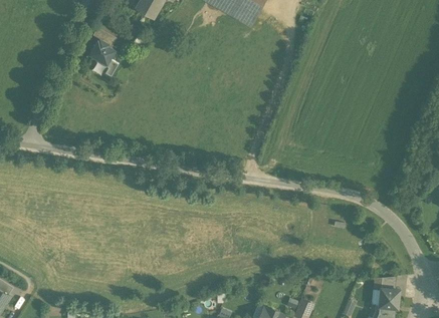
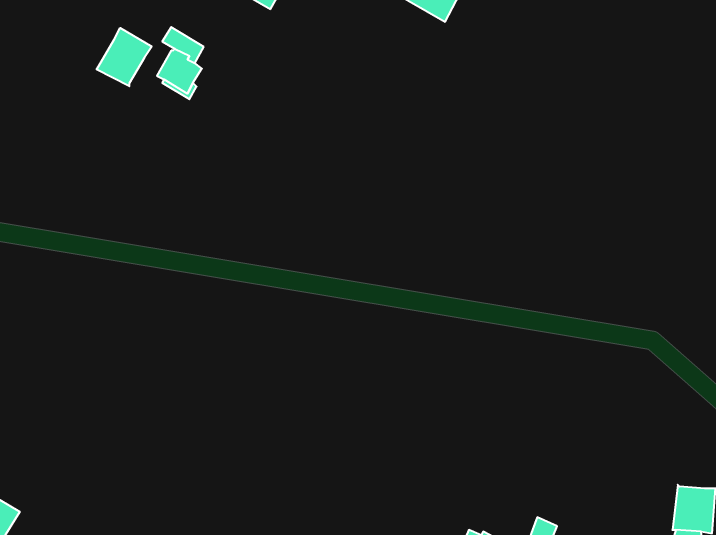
building: none -> [97,28,152,86]

